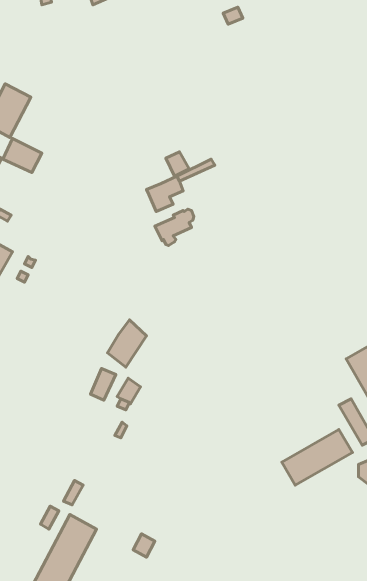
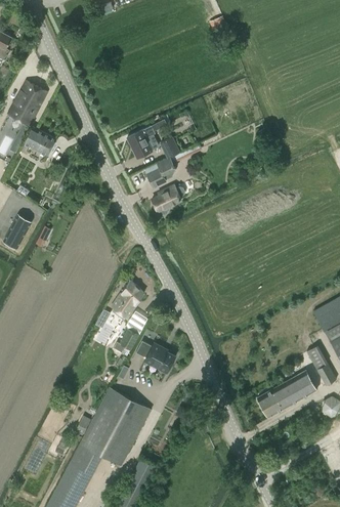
building: none -> [126,120,166,158]
building: none -> [135,341,174,373]
building: none -> [79,388,150,466]

